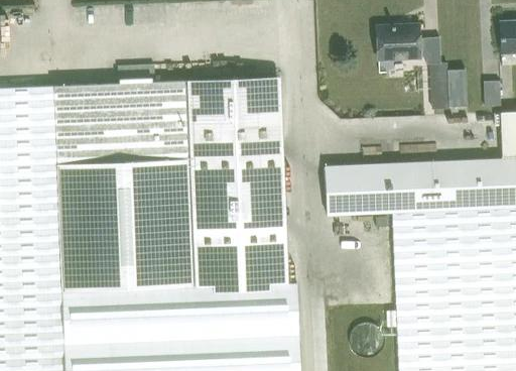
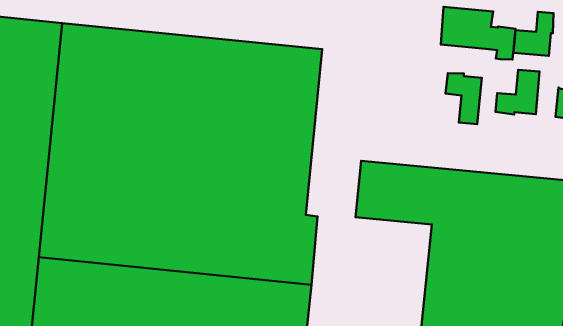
building: none -> [514,12,554,56]
building: none -> [446,73,482,124]

